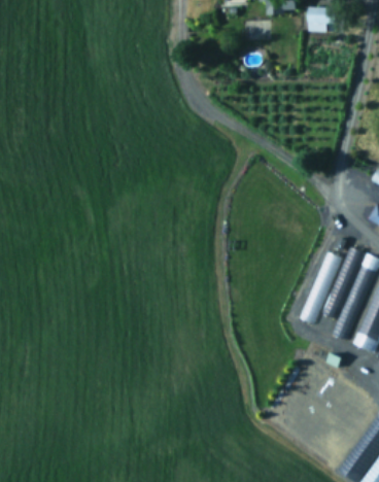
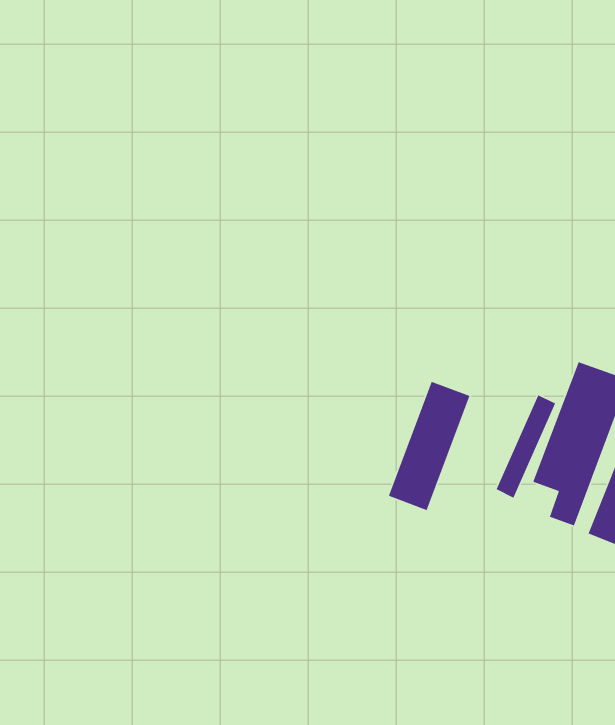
building: none -> [388,381,471,511]

